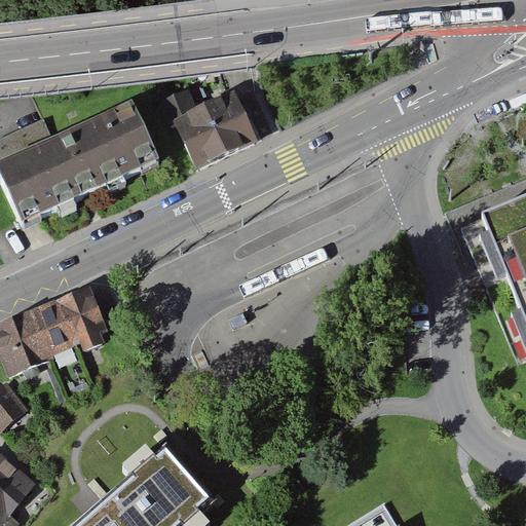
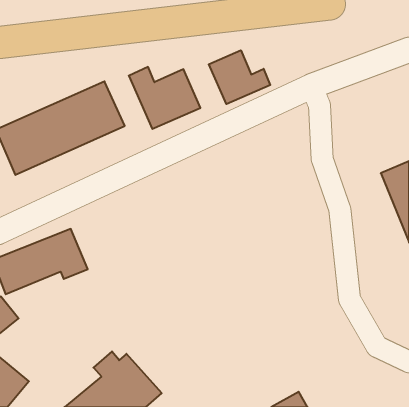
building: none -> [209,50,270,104]

